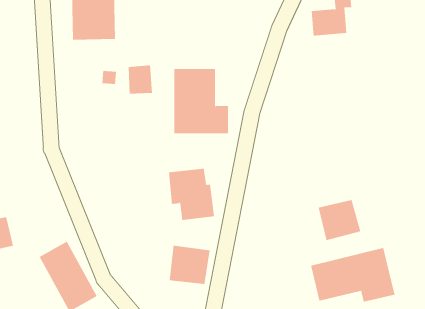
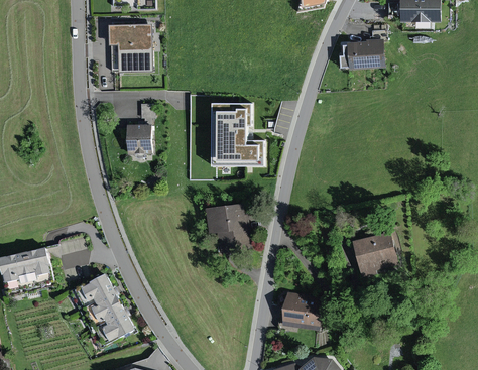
building: [128,65,153,94] -> [128,123,153,152]
building: none -> [57,251,86,267]
building: [169,245,210,285] -> [280,291,322,331]
building: [310,247,395,303] -> none

